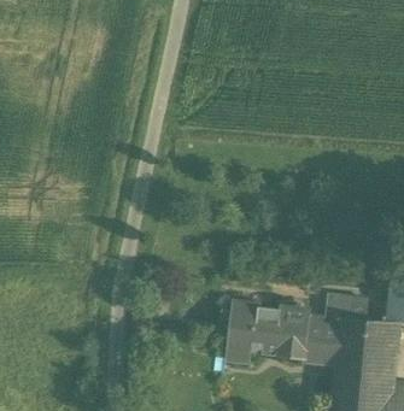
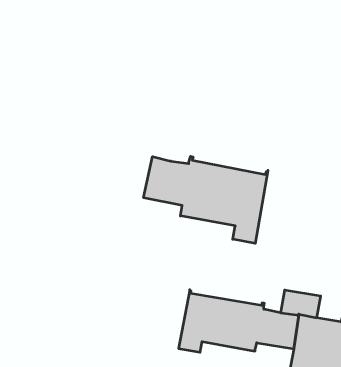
building: none -> [144,156,268,243]

